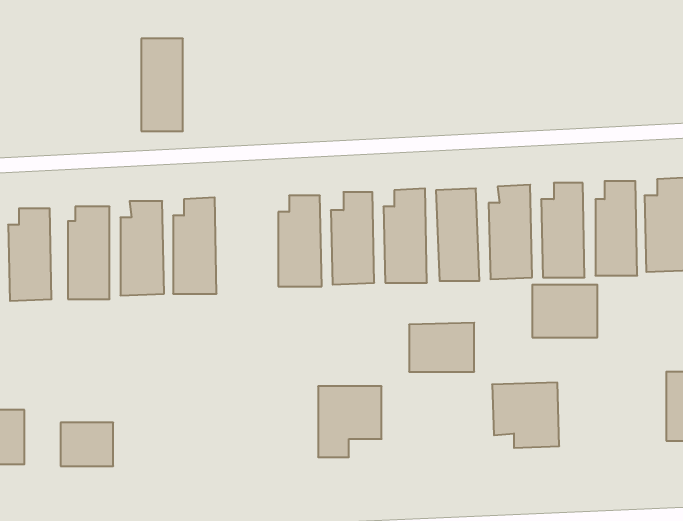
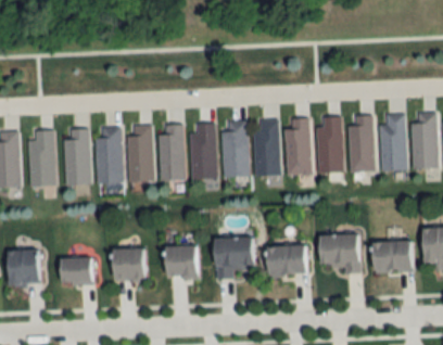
building: [141,39,183,131] -> [160,124,185,179]
building: [532,285,597,337] -> [372,241,412,272]
building: [409,323,474,372] -> [267,245,306,274]
building: none -> [165,245,197,278]
building: none -> [113,250,145,281]

